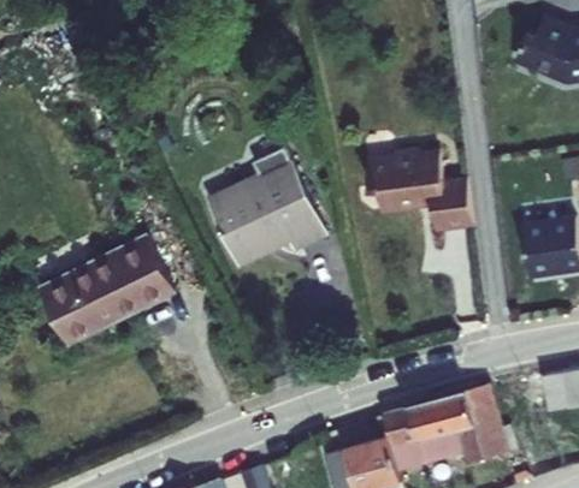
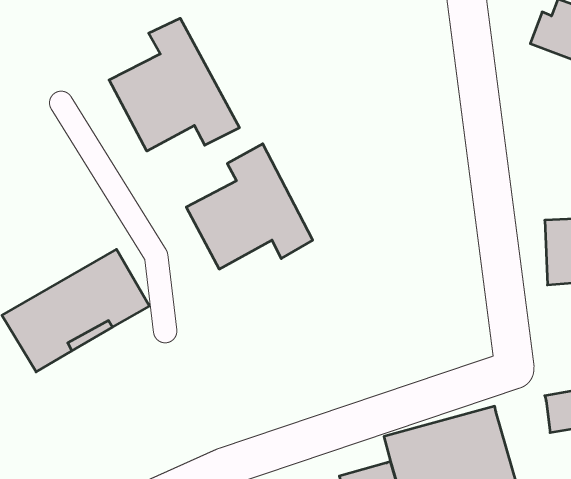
building: none -> [109,18,239,151]
building: [367,145,477,231] -> none

